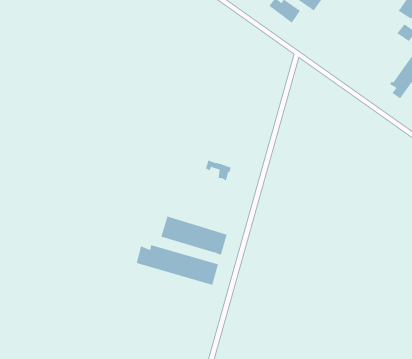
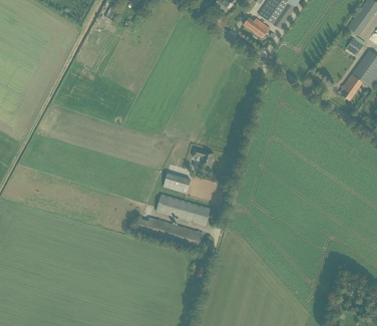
building: none -> [162,172,190,193]

